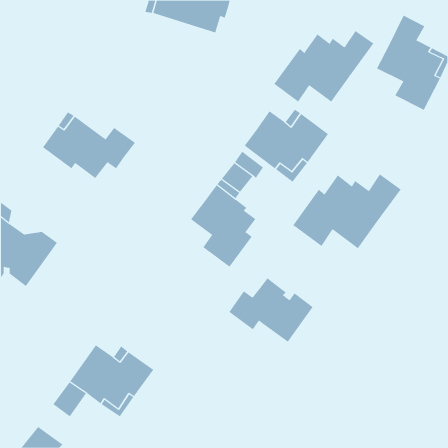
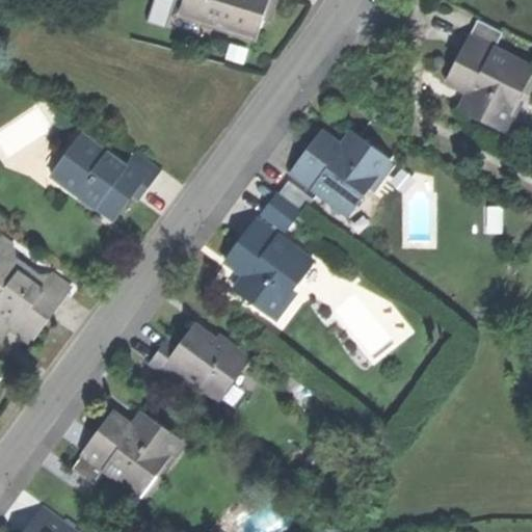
building: [274,30,374,103] -> none
building: [293,174,402,249] -> none
building: [229,278,314,342] -> [151,324,251,401]

